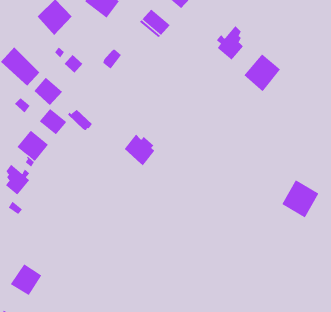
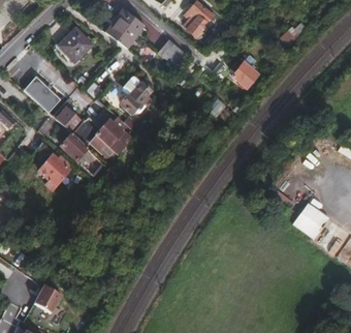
building: [244,54,281,92] -> none
building: none -> [120,83,153,114]
building: [124,134,155,166] -> [97,120,127,151]
building: [5,164,30,196] -> none

